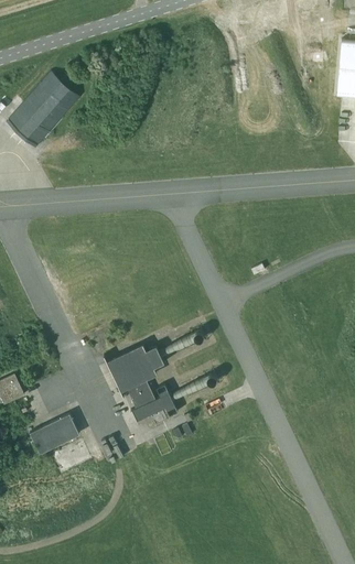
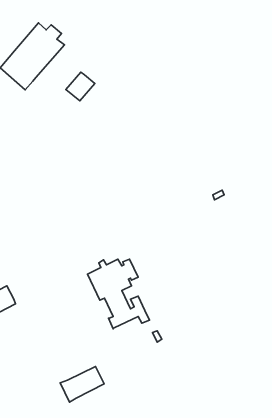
building: none -> [66,72,95,101]
building: [28,414,78,455] -> [60,367,104,402]

